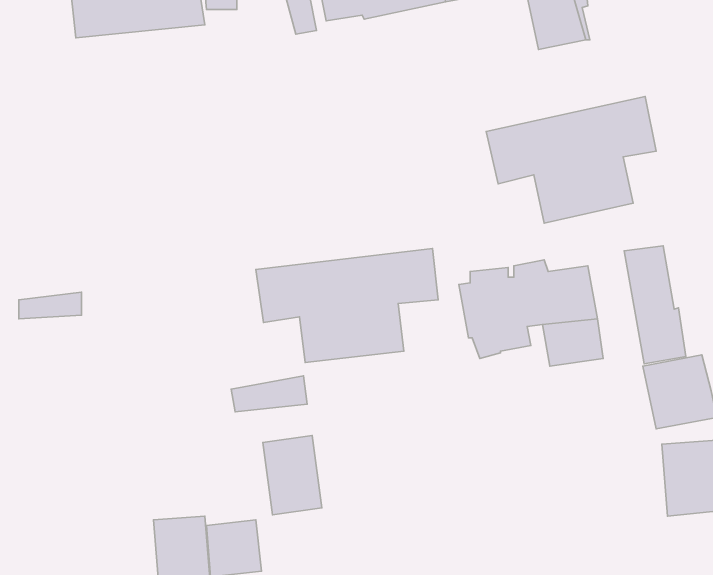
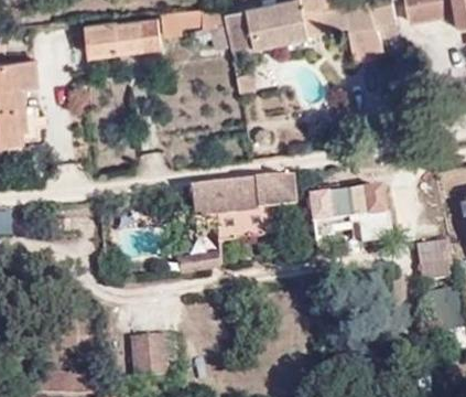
building: [486,97,656,223] -> none
building: [624,246,686,364] -> none
building: [263,435,322,515] -> none

